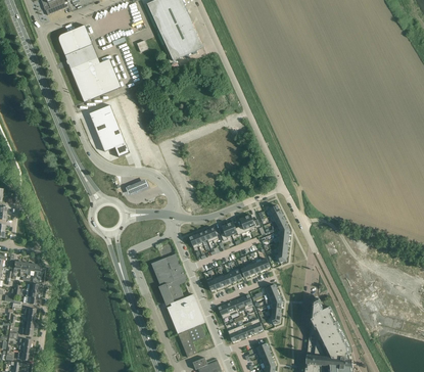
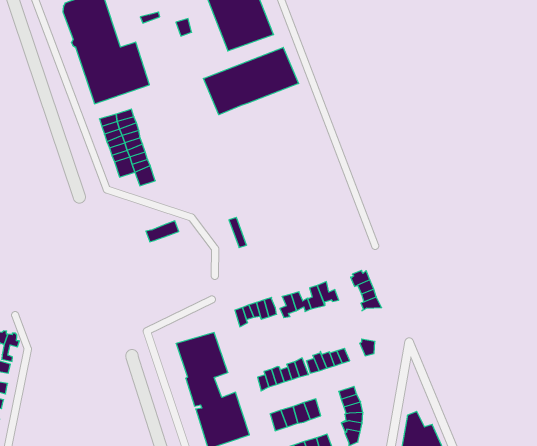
building: none -> [203,47,299,115]

